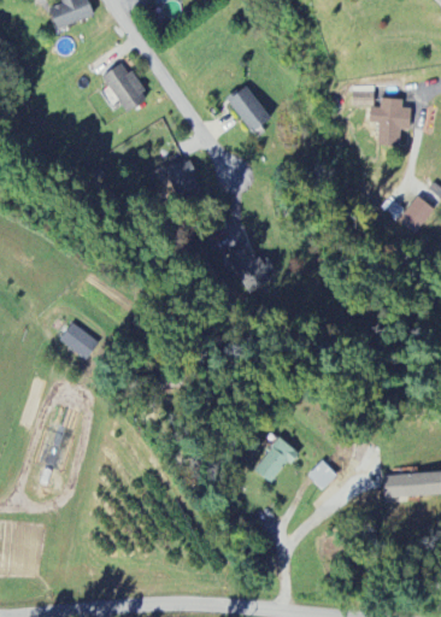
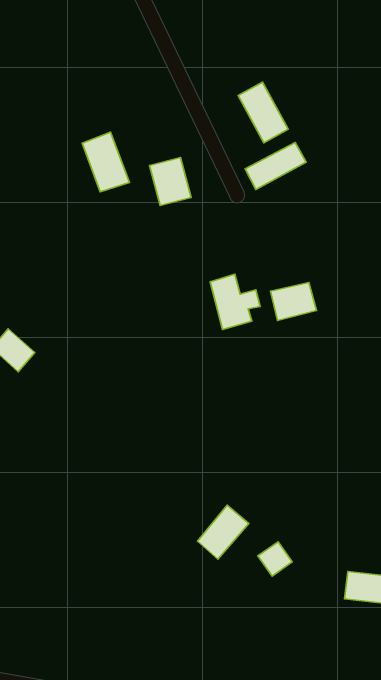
building: [102,61,147,112] -> [82,132,130,192]
building: none -> [245,143,306,190]
building: none -> [270,282,317,320]

